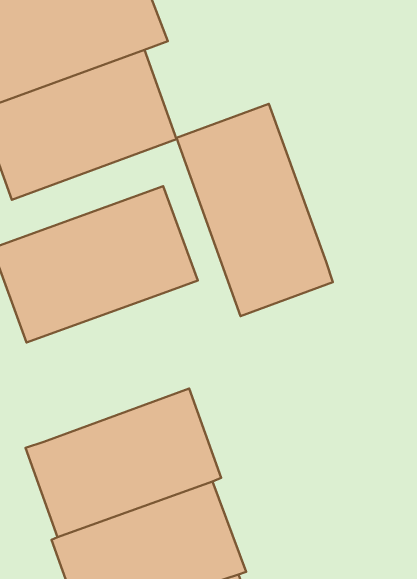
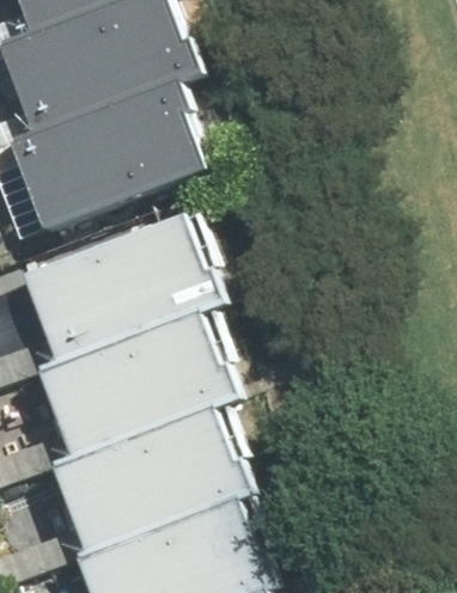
building: [177,104,333,316] -> none
building: none -> [41,311,228,457]

